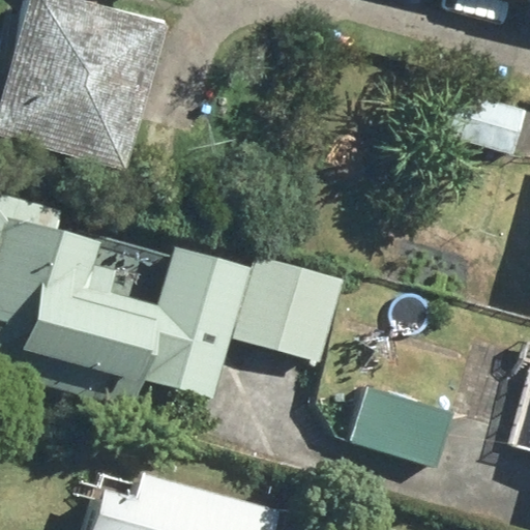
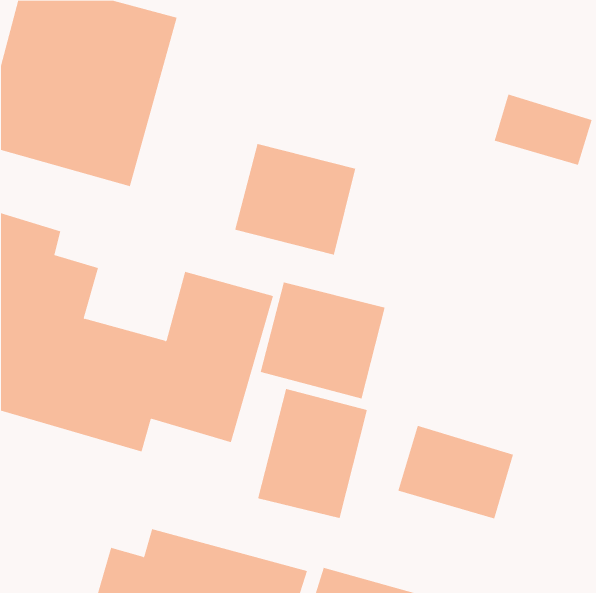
building: none -> [235,143,356,256]
building: none -> [257,388,368,519]

